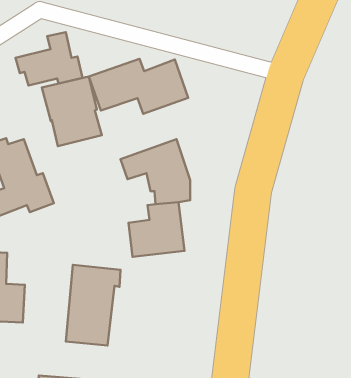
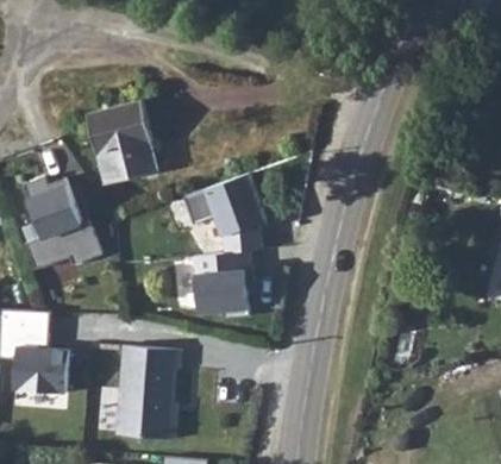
building: [16,32,82,85] -> none
building: [89,59,188,114] -> none

